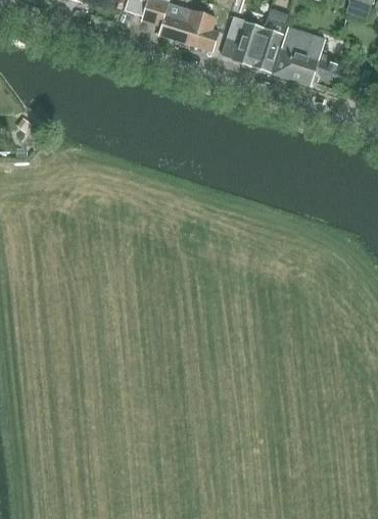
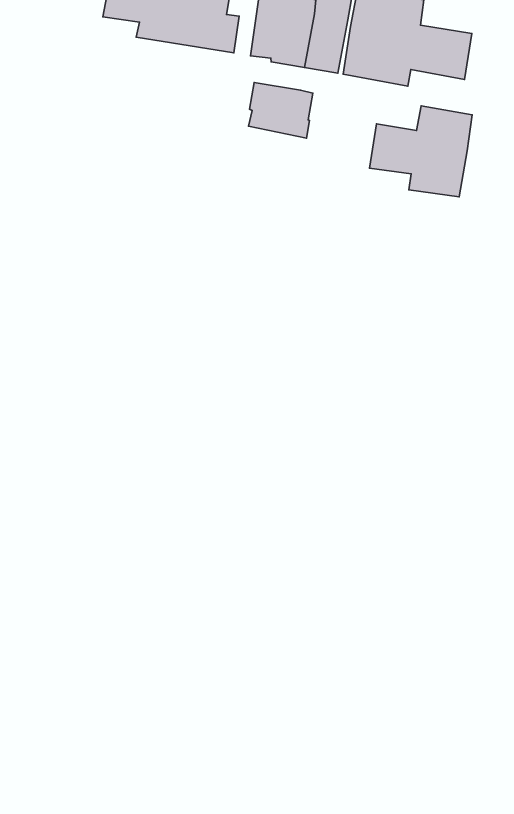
building: none -> [249,82,313,138]
building: none -> [369,106,472,197]

